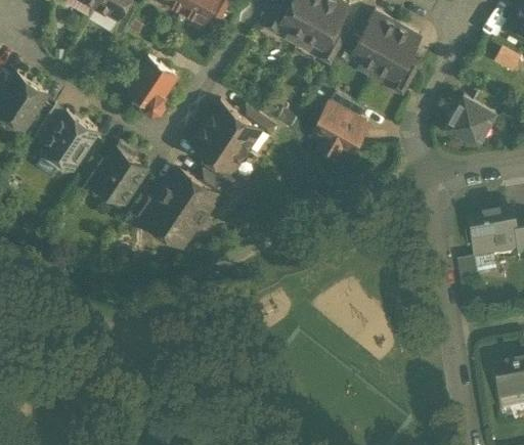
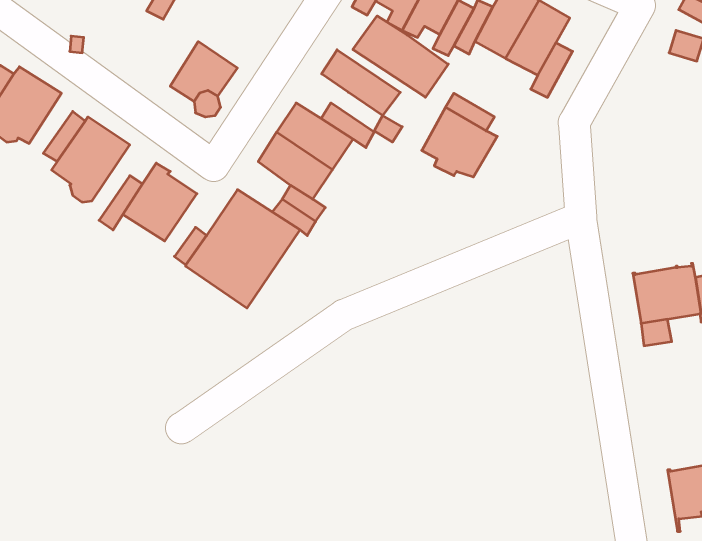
building: none -> [353,16,448,97]
building: none -> [322,50,400,116]
building: [445,94,496,143] -> none

